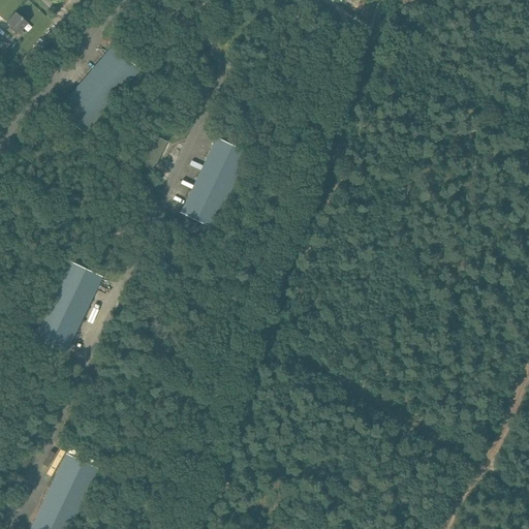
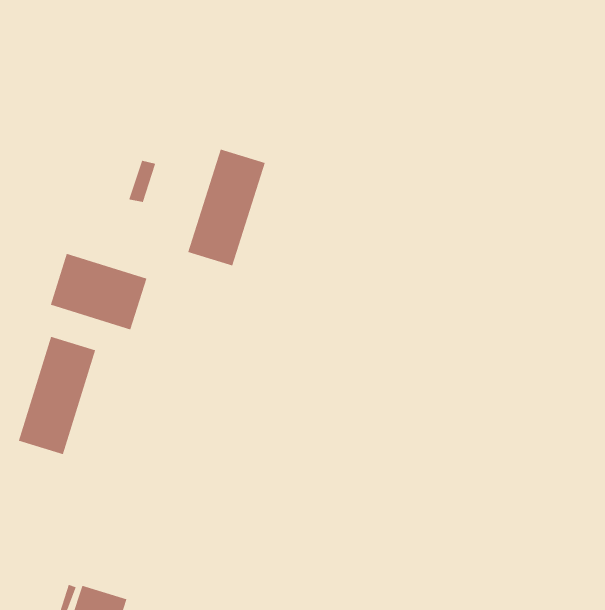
building: [57,45,141,133] -> none
building: none -> [50,253,147,330]

